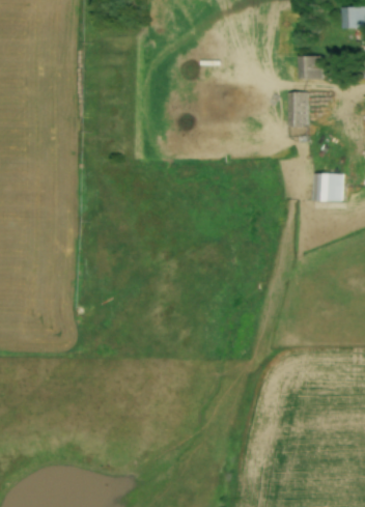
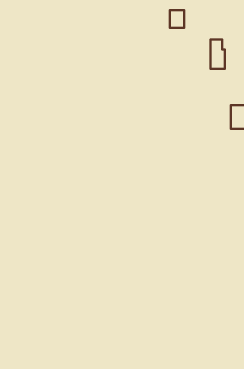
building: [300,57,317,79] -> [170,10,184,28]

